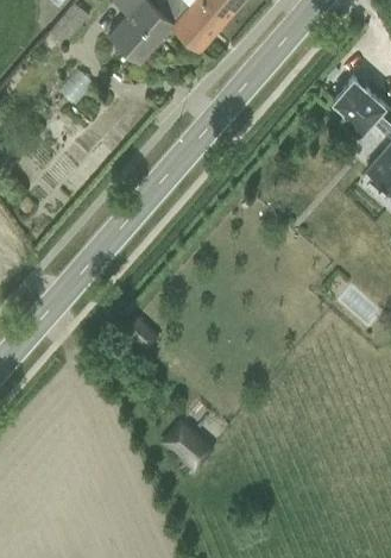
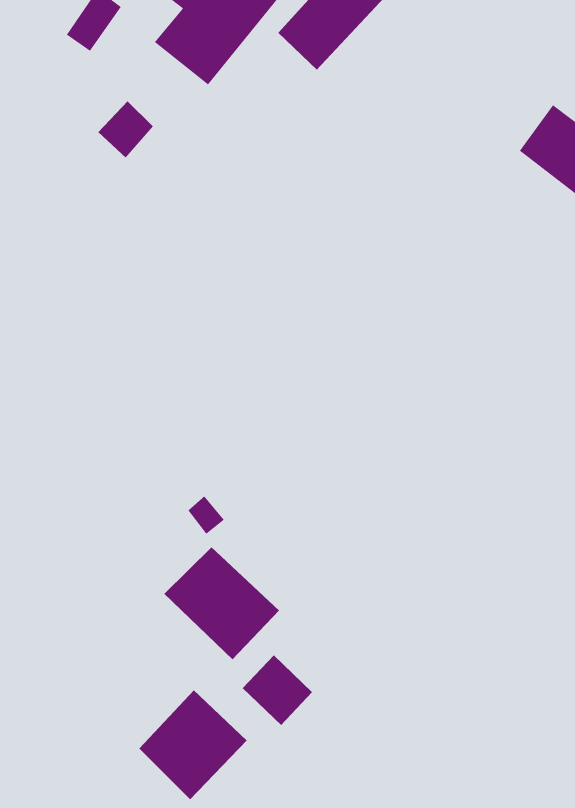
building: none -> [164,546,280,660]
building: none -> [139,689,248,800]

